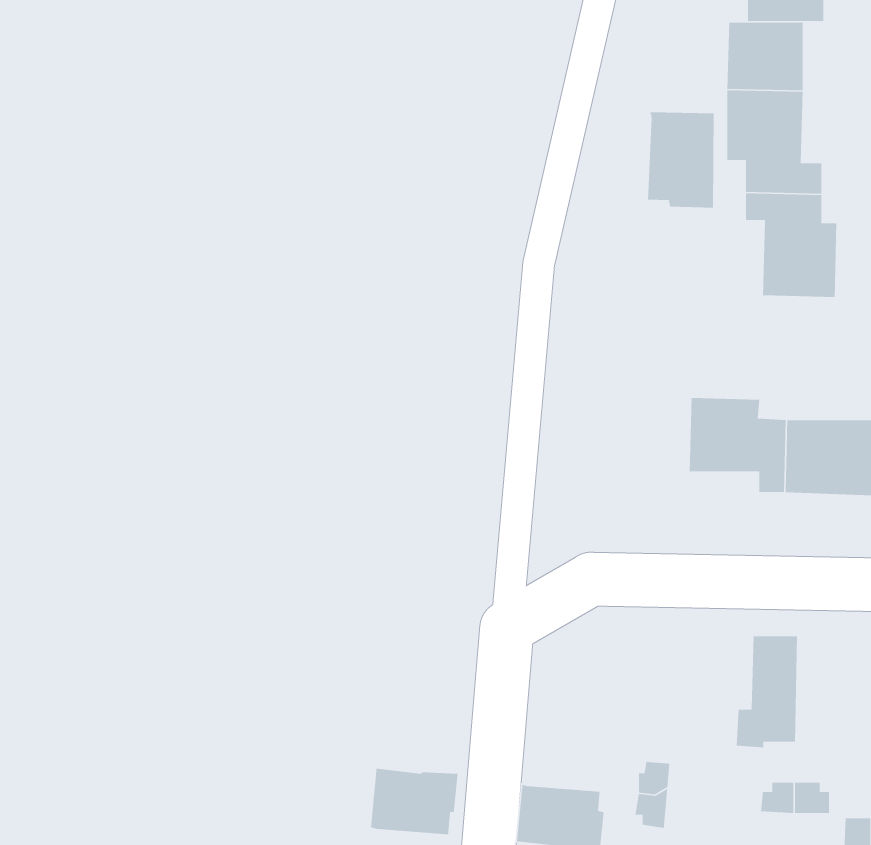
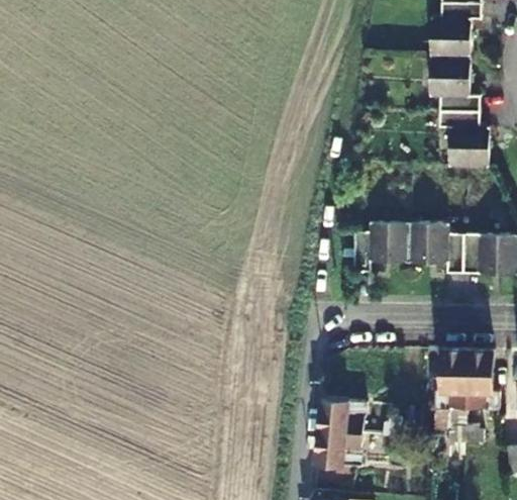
building: [647,111,715,208] -> none
building: none -> [354,222,411,273]
building: none -> [468,351,501,412]
building: [370,768,458,835] -> [320,398,368,434]

